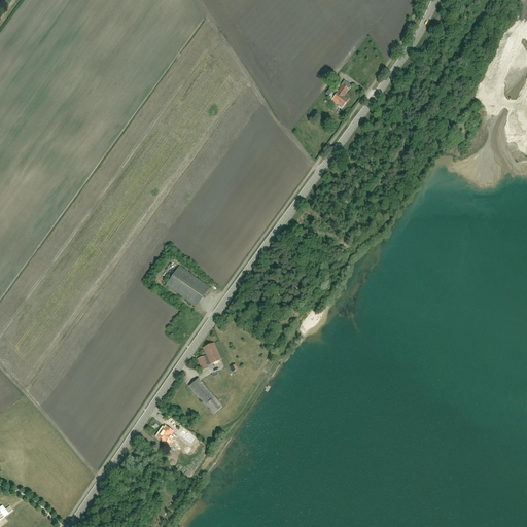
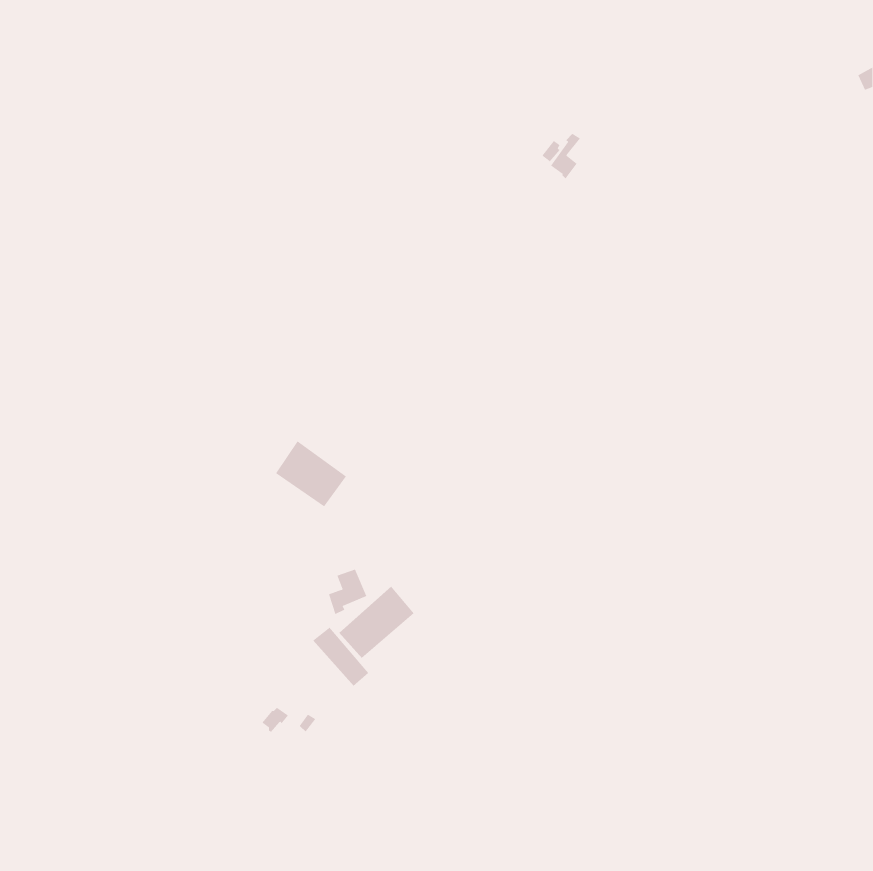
building: none -> [339,586,414,659]

